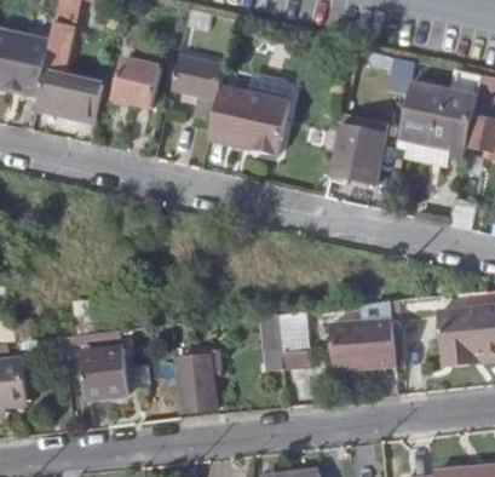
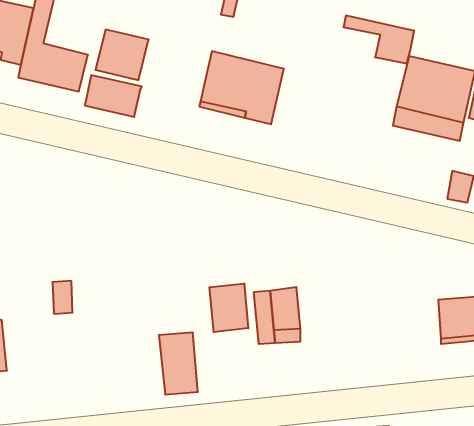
building: [172,68,226,108] -> [85,75,142,117]
building: [324,121,384,185] -> none
building: none -> [210,283,248,332]
building: [332,317,396,369] -> none
building: [79,347,126,398] -> none

